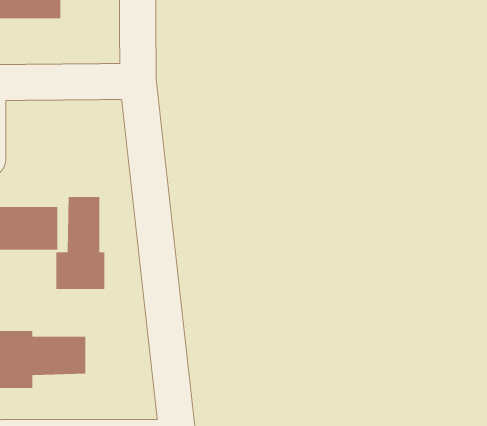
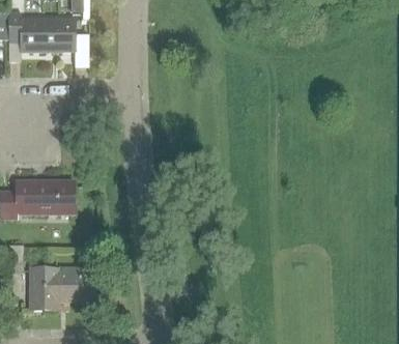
building: [56,196,105,290] -> none

